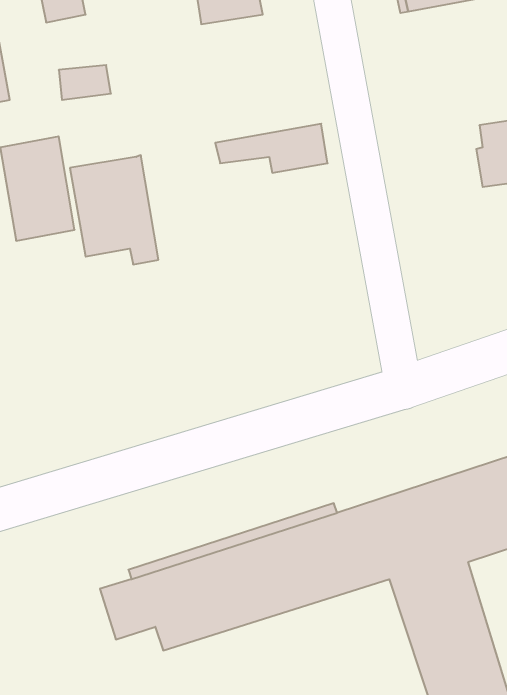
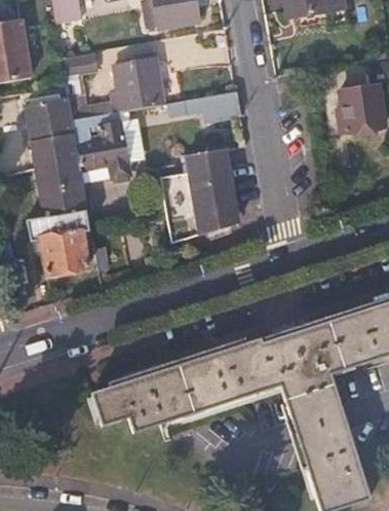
building: none -> [112,48,164,112]
building: none -> [159,148,235,240]
building: none -> [32,159,88,275]

